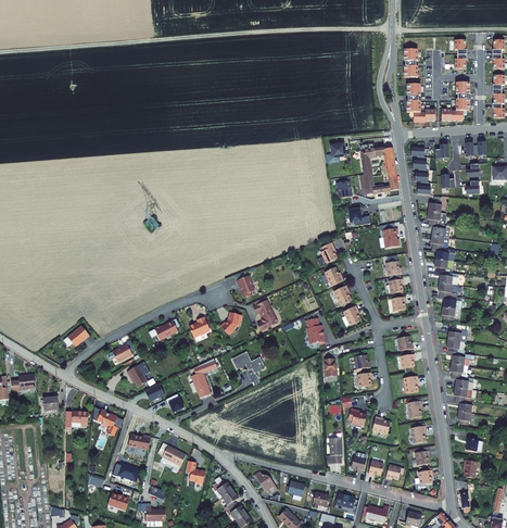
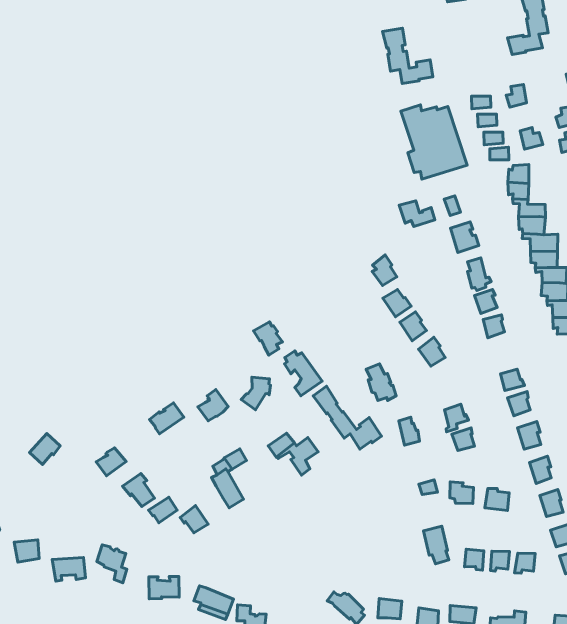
building: [407,84,436,122] -> [382,28,433,84]
building: none -> [313,386,381,449]

